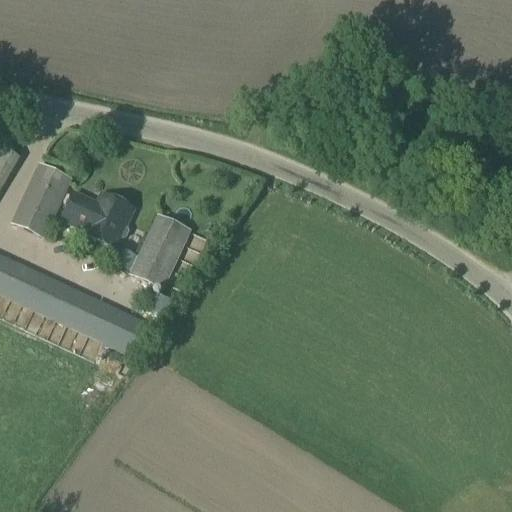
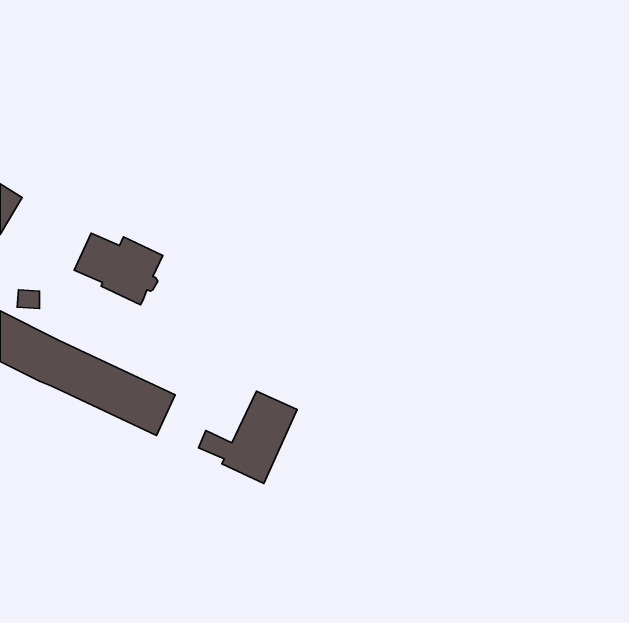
building: [11,161,72,237] -> none
building: [110,213,190,288] -> [198,391,297,484]

